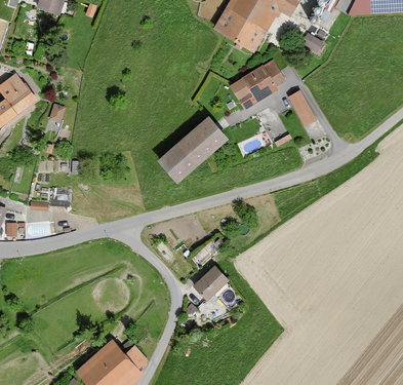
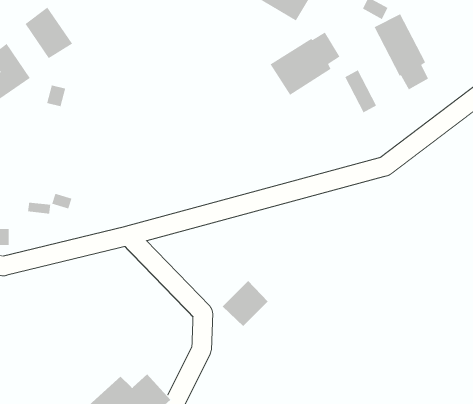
building: none -> [24,7,73,59]
building: none -> [374,13,429,91]
building: [157,117,230,186] -> none

